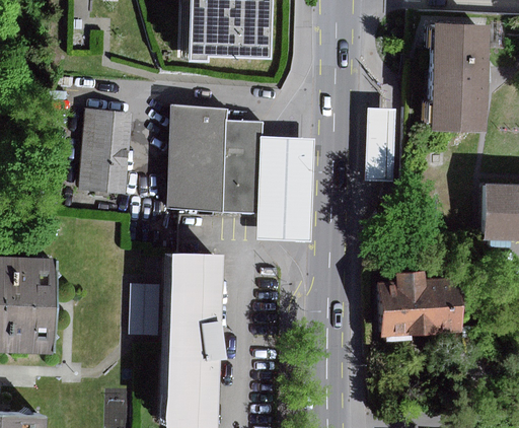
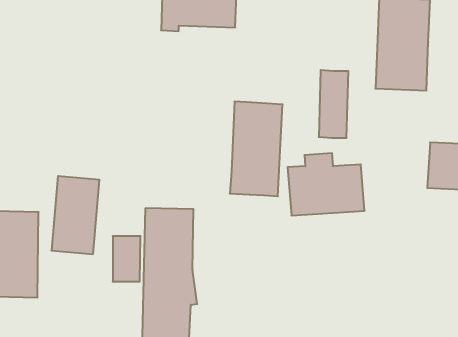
building: [173,106,268,214] -> none
building: [84,110,137,195] -> [51,176,100,254]
building: [366,264,450,332] -> [288,153,365,215]

